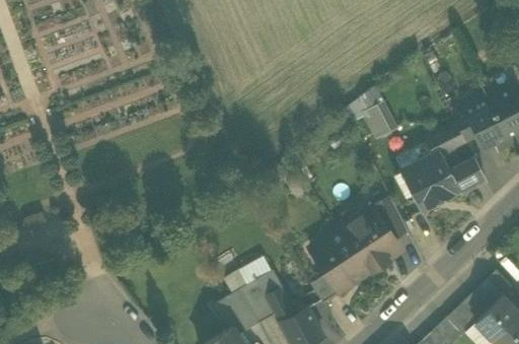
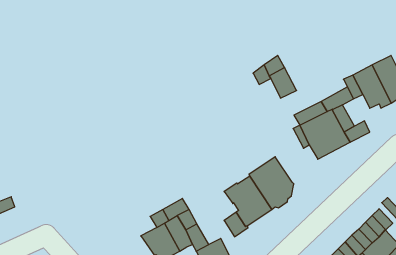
building: [373,196,407,238] -> none

